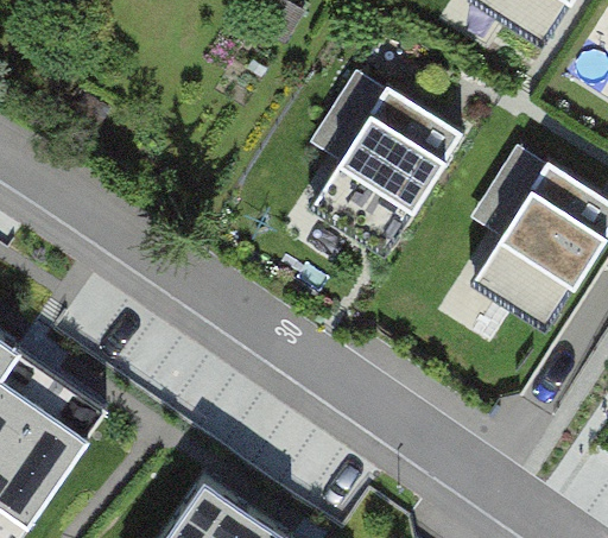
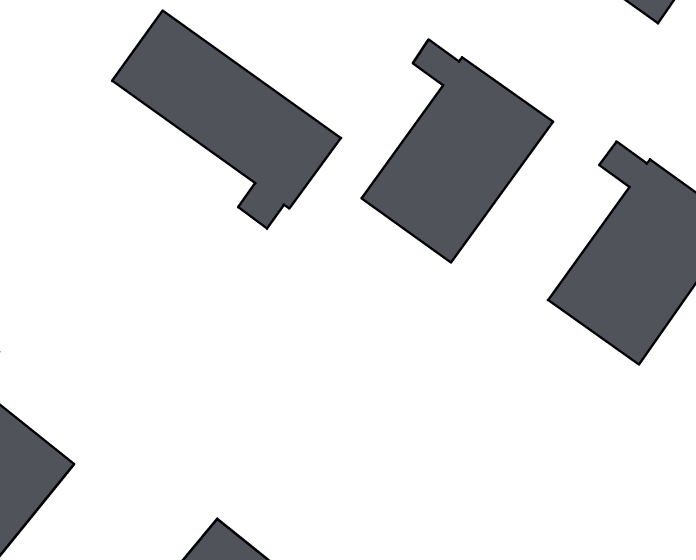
building: none -> [112,11,341,229]

